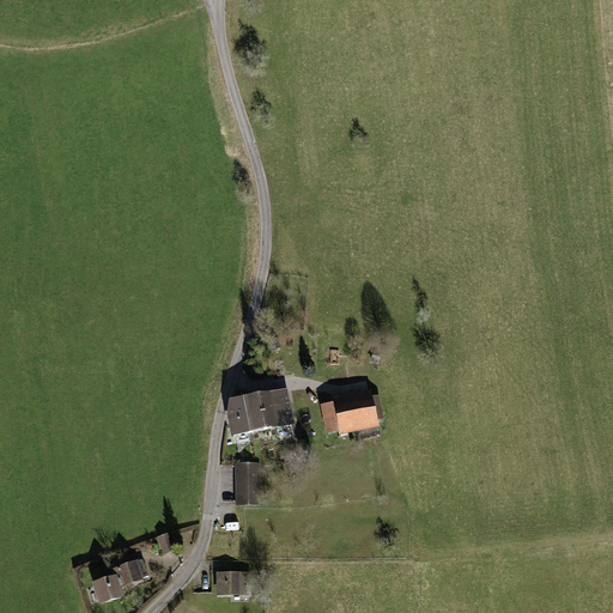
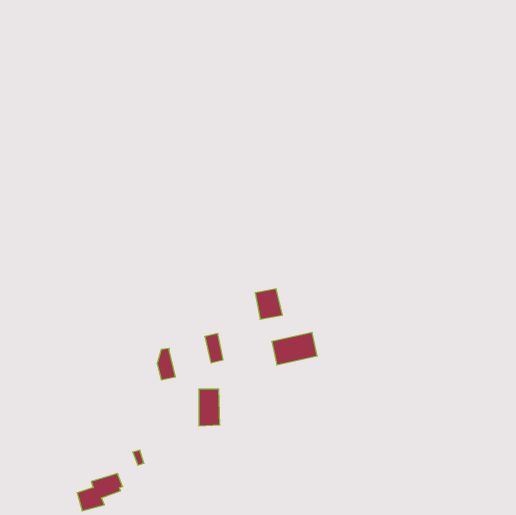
building: [257,389,290,425] -> [255,289,282,319]
building: [227,395,249,432] -> [157,348,175,380]
building: [216,569,250,593] -> none

